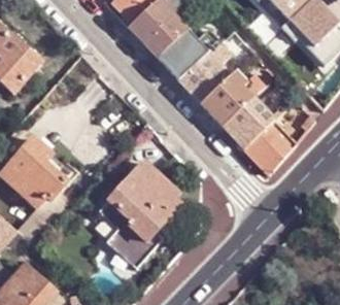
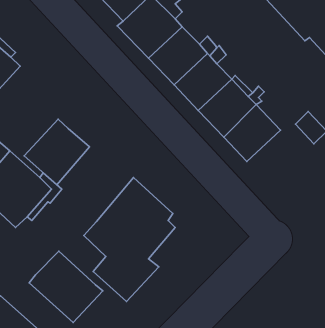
building: none -> [24,119,89,185]
building: [243,118,296,172] -> none
building: none -> [29,251,103,322]

